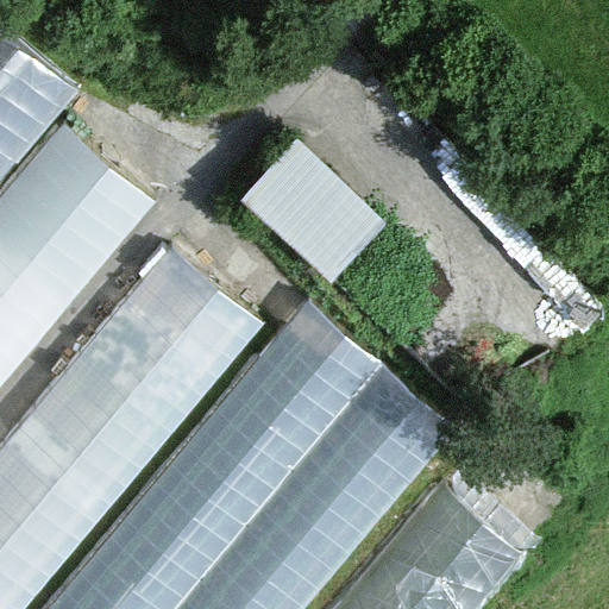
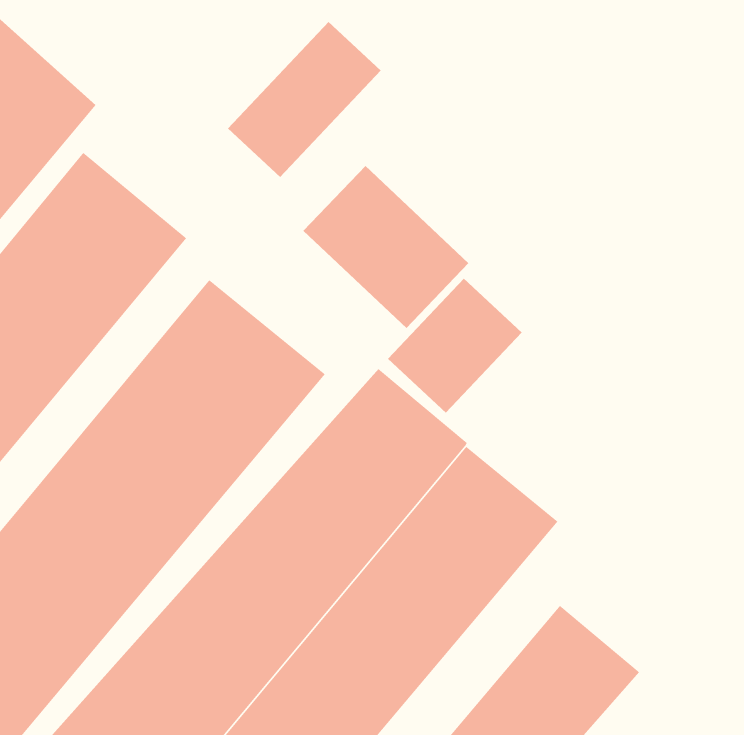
building: none -> [227,21,381,178]
building: none -> [387,278,522,414]

